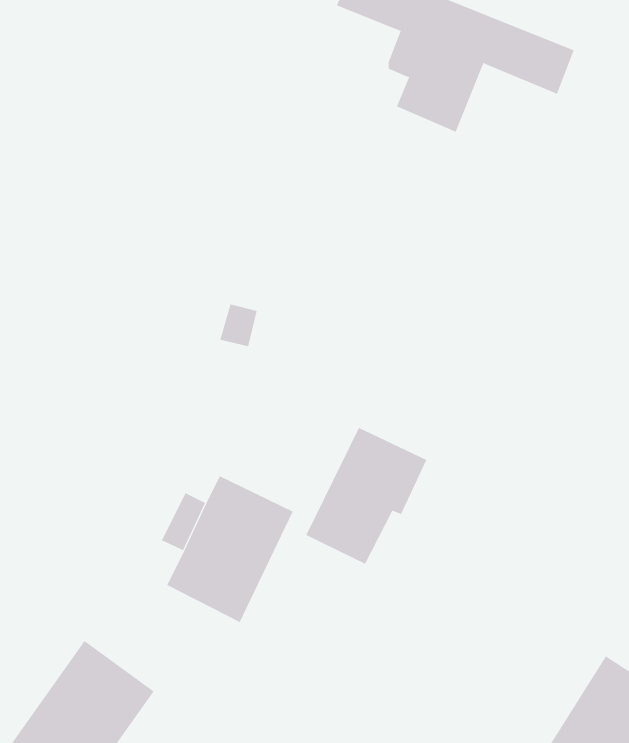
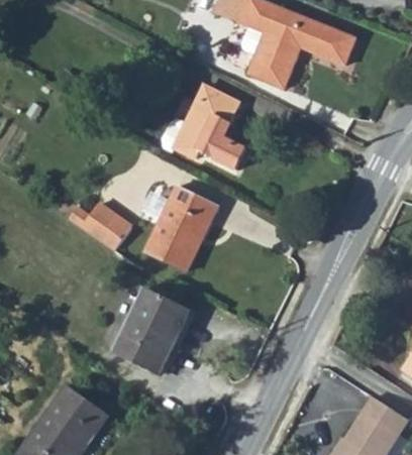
building: none -> [174,85,244,166]
building: none -> [68,203,131,250]
building: [305,427,427,564] -> [145,187,217,267]

